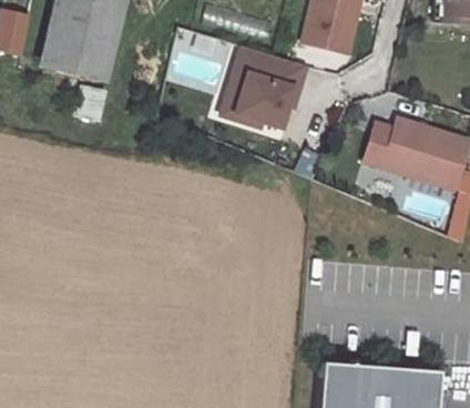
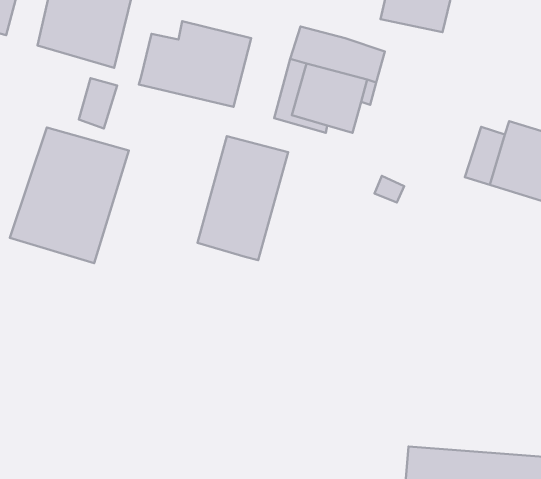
building: none -> [139,21,251,107]
building: none -> [10,128,129,263]
building: none -> [197,136,288,260]

